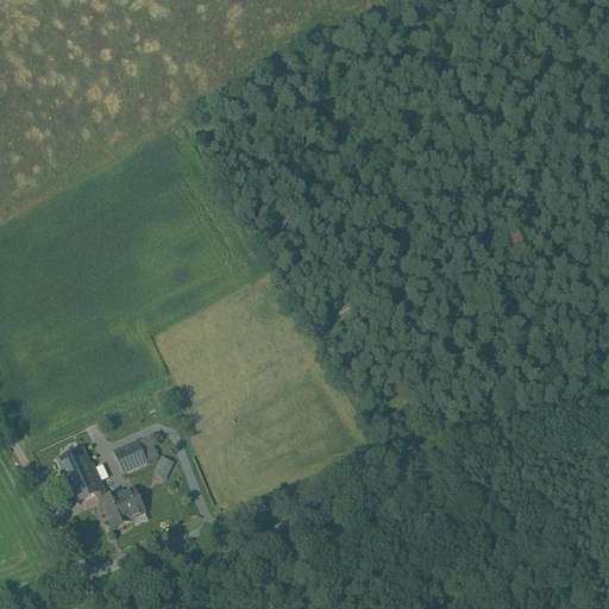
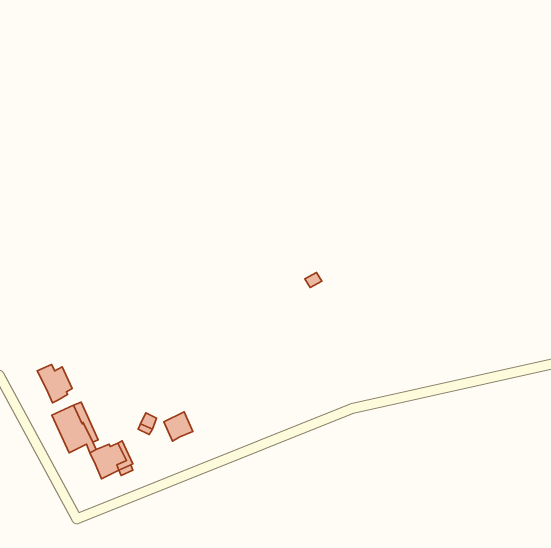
building: none -> [37,365,72,403]
building: [113,439,145,471] -> [164,412,193,441]

